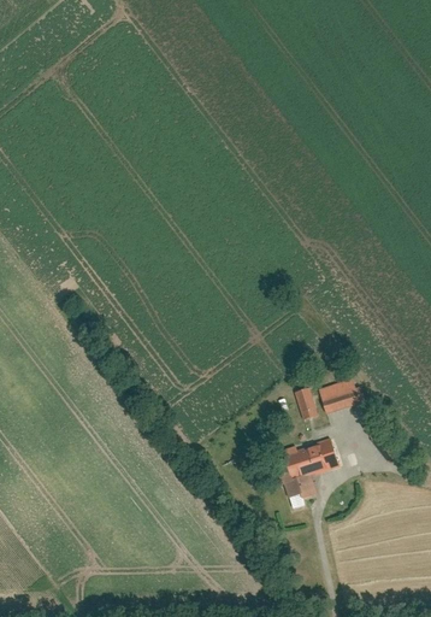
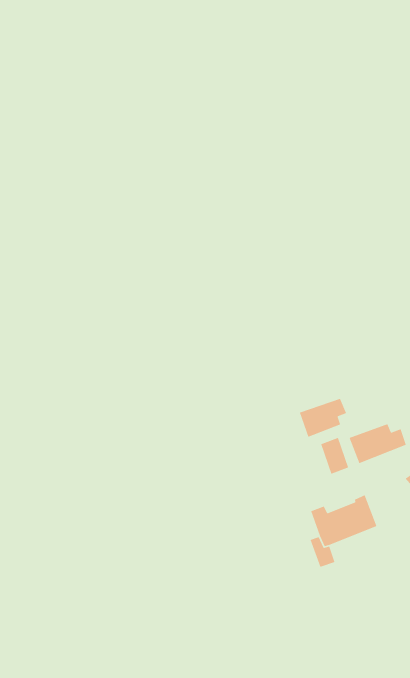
building: none -> [299,398,347,438]

